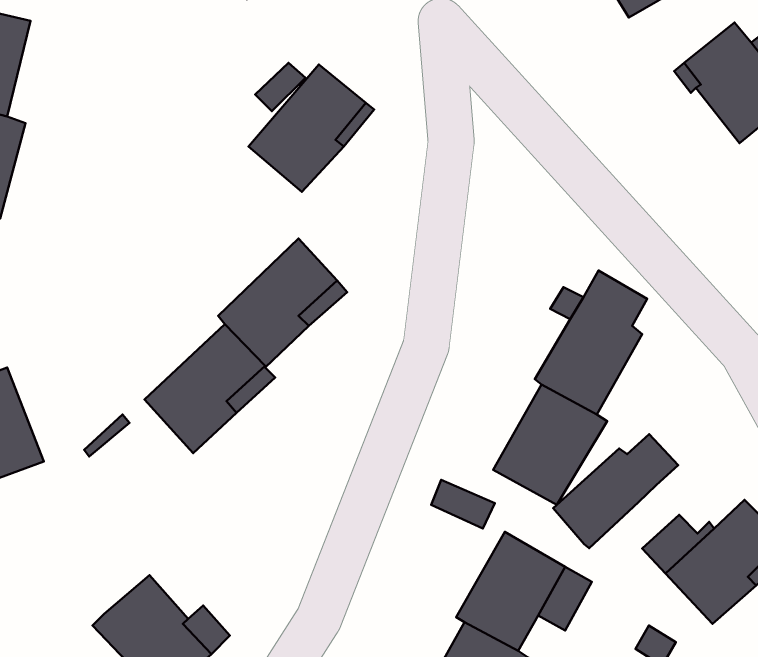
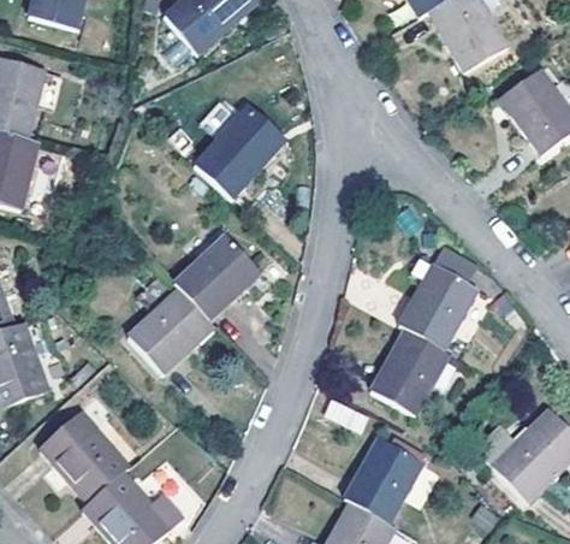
building: [553,434,678,548] -> none
building: none -> [40,409,126,496]

